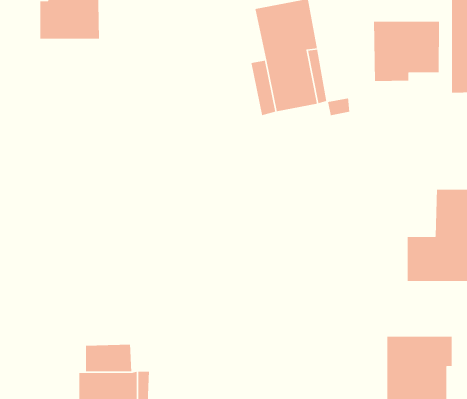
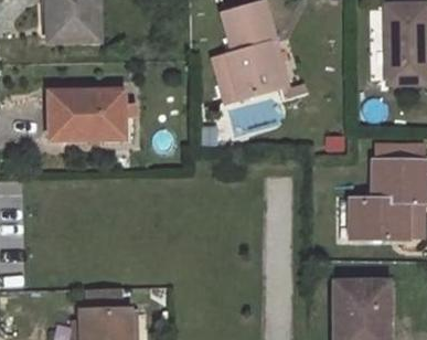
building: [373,21,440,82] -> none
building: none -> [49,93,120,139]

